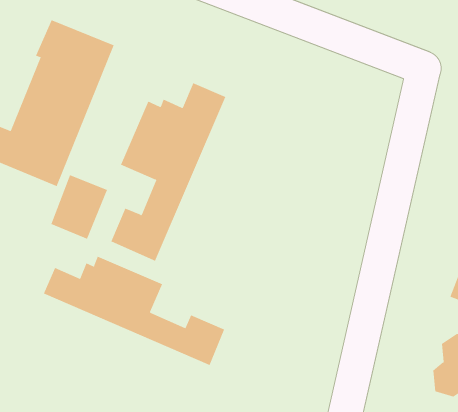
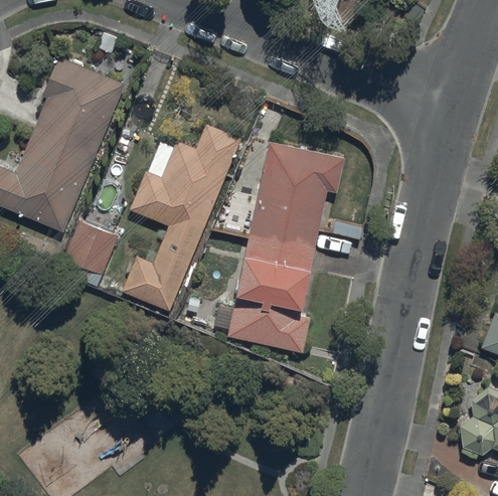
building: none -> [225,141,346,352]
building: [43,256,225,366] -> none

